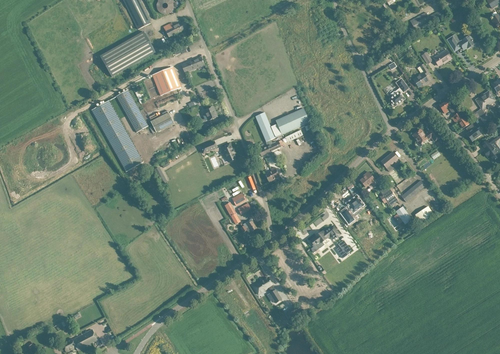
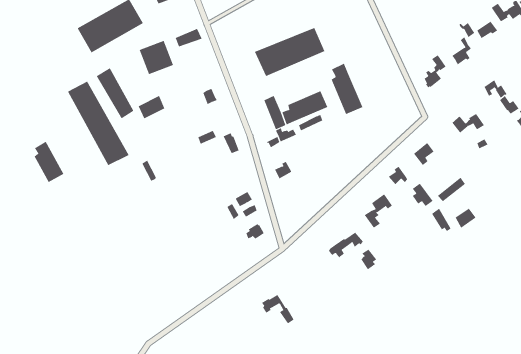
building: none -> [254,27,325,77]
building: none -> [331,63,363,115]
building: none -> [34,141,64,183]

